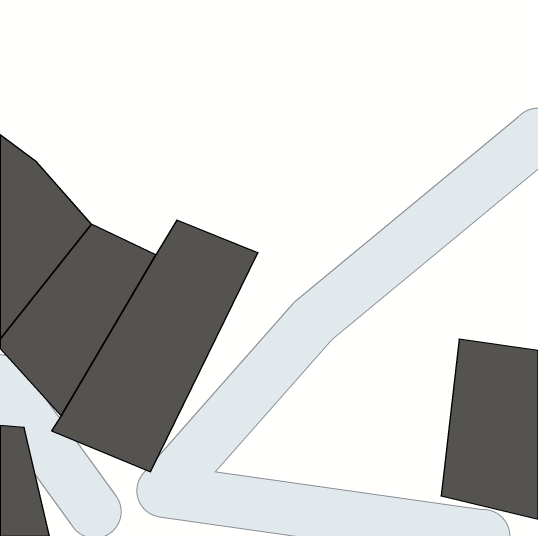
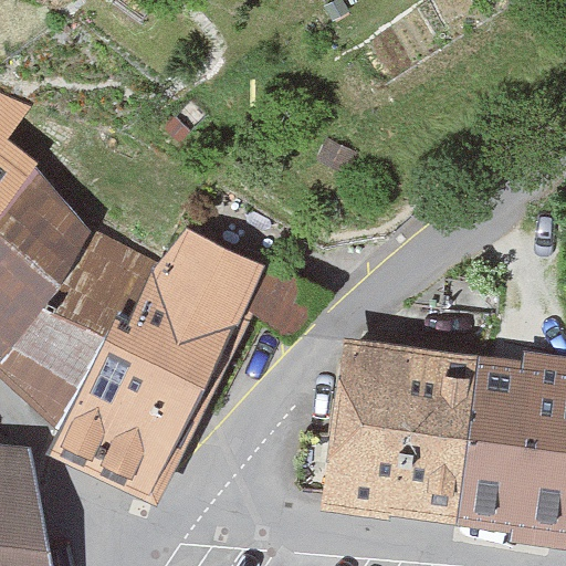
building: none -> [327,343,482,521]

